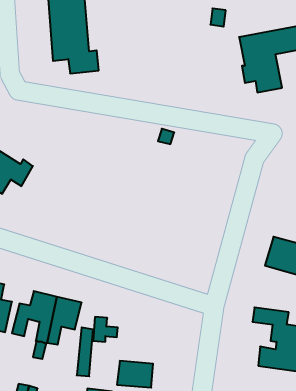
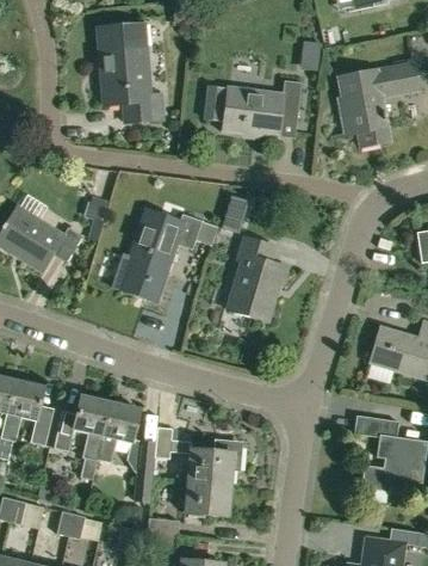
building: none -> [205,79,302,136]
building: none -> [126,208,203,301]
building: none -> [229,236,289,320]
building: none -> [188,437,243,485]

